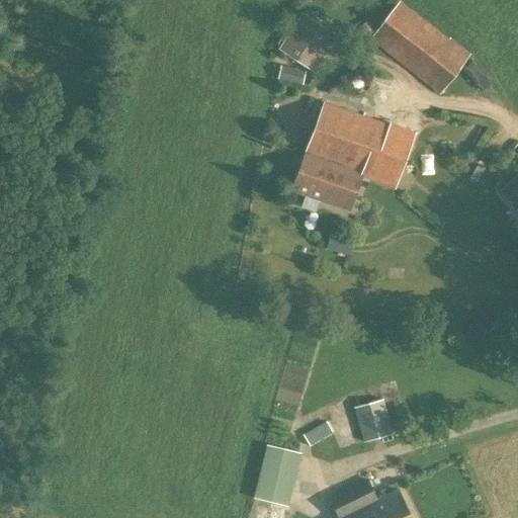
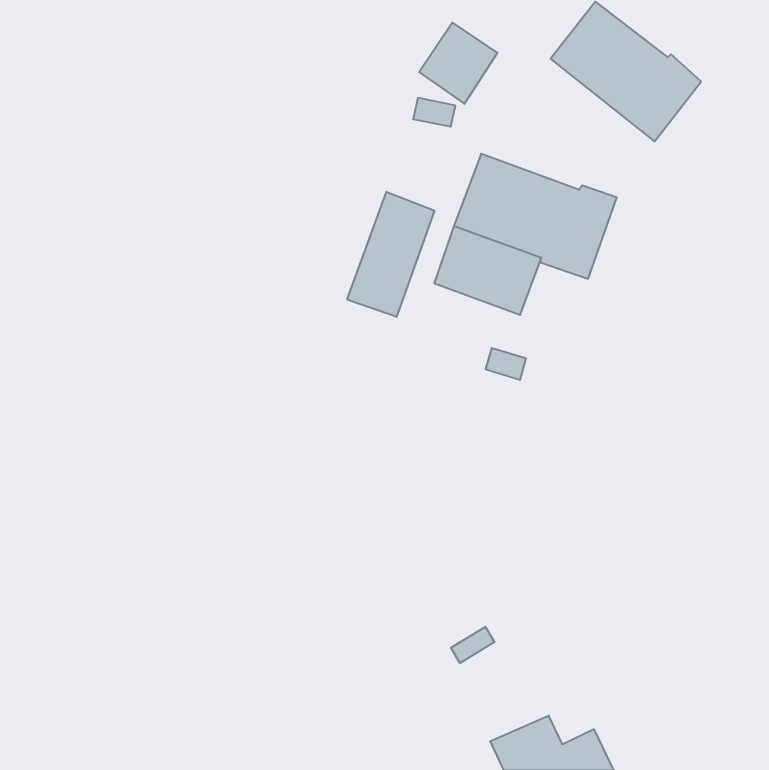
building: none -> [347,192,434,317]
building: [354,399,394,442] -> none
building: [254,444,303,506] -> none

